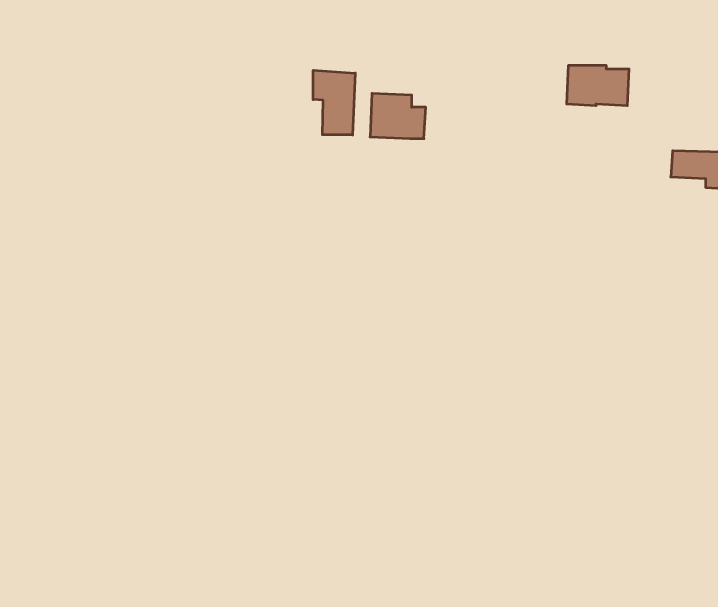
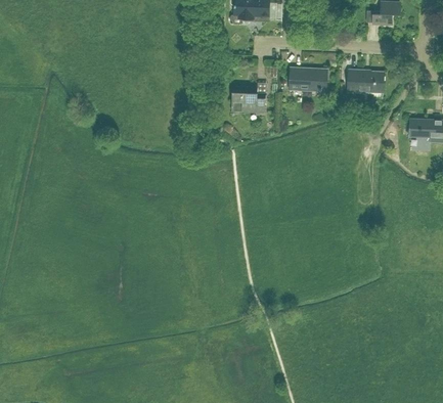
building: none -> [290,68,327,91]
building: [313,70,355,135] -> none

